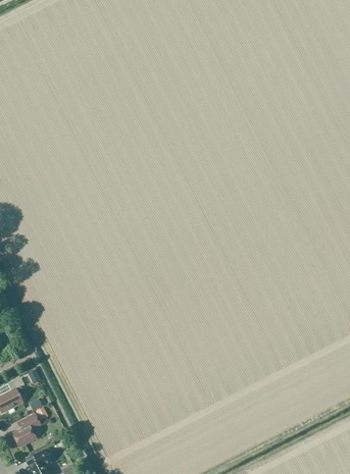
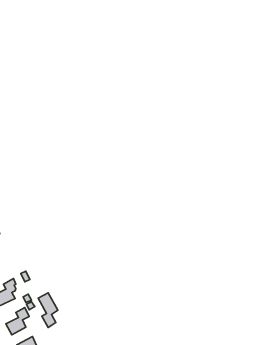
building: none -> [38,293,58,328]

